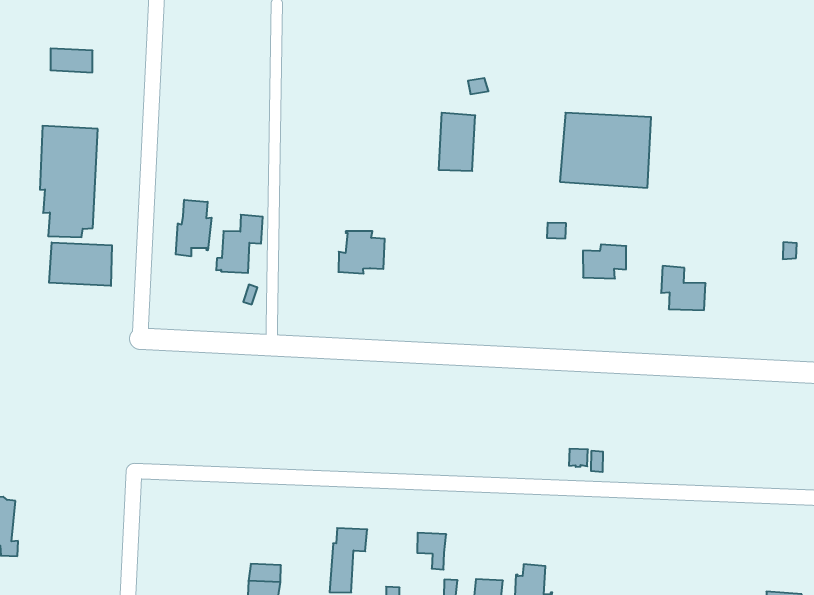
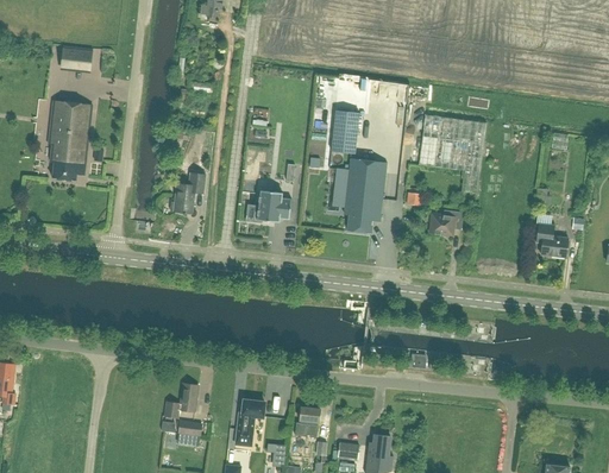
building: none -> [343,158,387,233]
building: [176,200,212,256] -> none
building: [49,242,112,286] -> none
building: [661,266,706,310] -> [535,223,567,257]
building: none -> [164,383,199,417]

